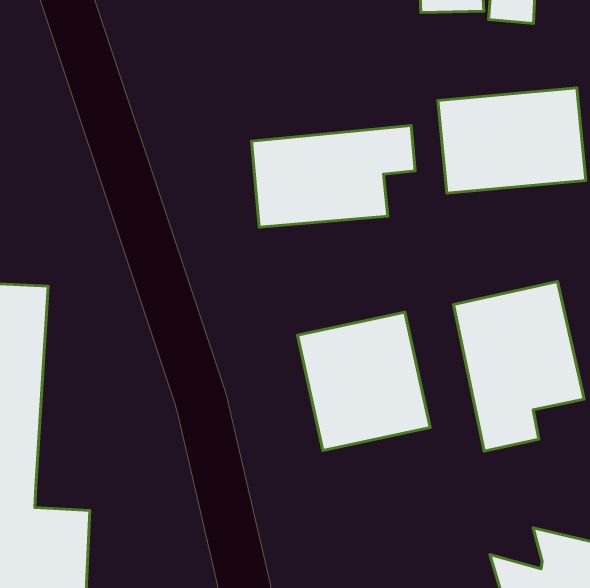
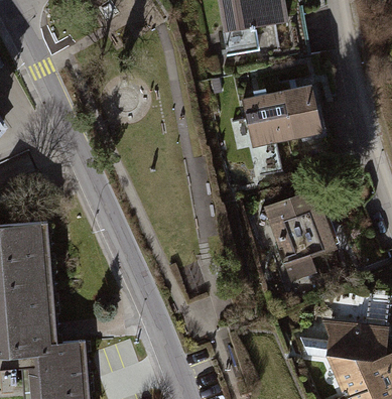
building: [251,125,415,227] -> none
building: [297,312,430,451] -> none

